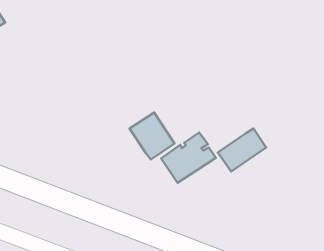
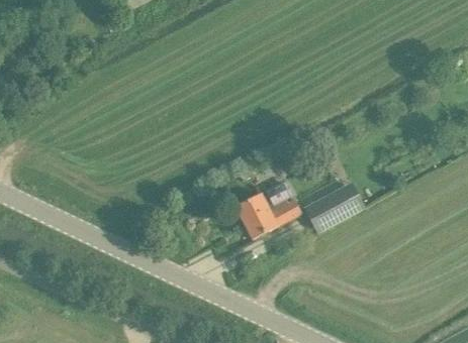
building: [130,113,175,159] -> none

